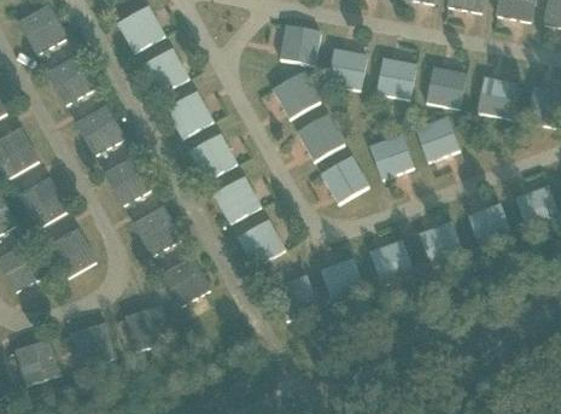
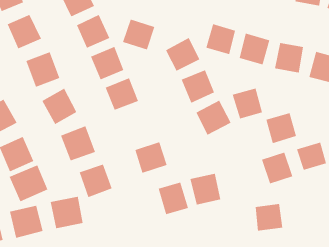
building: [277,24,322,66] -> [122,19,155,50]
building: [415,117,461,163] -> [266,113,297,144]
building: [212,175,263,226] -> none
building: [370,241,413,282] -> [255,204,283,231]
building: none -> [9,165,48,202]

